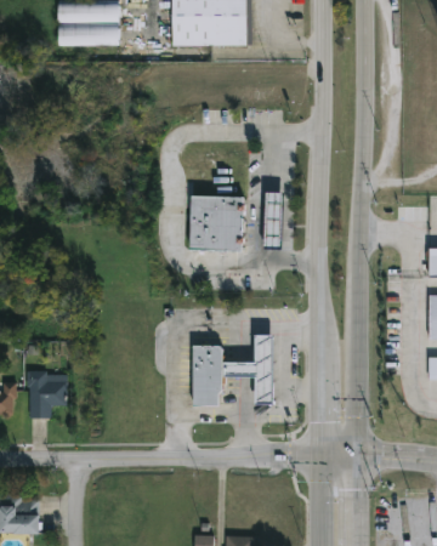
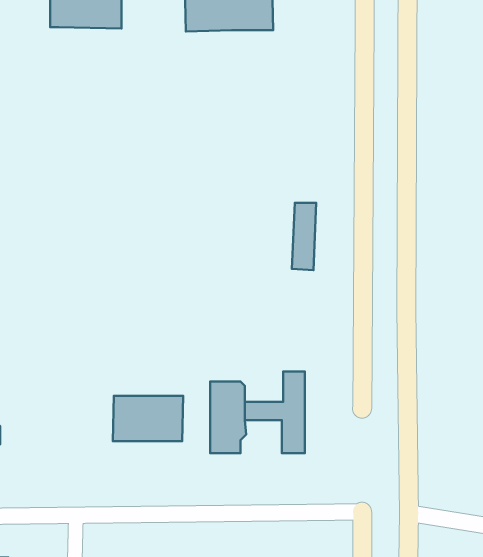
building: [188,195,243,250] -> none
building: none -> [113,396,183,441]
building: [25,371,67,419] -> none

